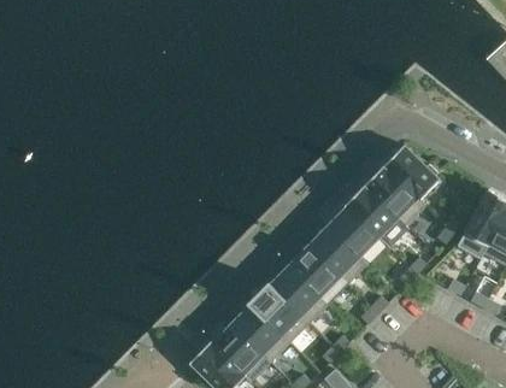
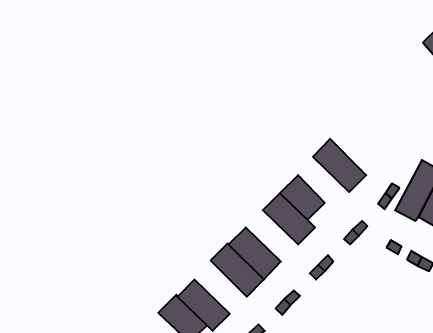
building: [384,142,440,198] -> none
building: [346,183,408,246] -> none
building: [289,243,348,301] -> none
building: [231,302,290,360] -> none

